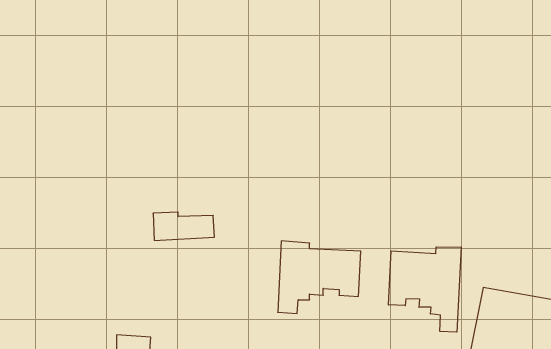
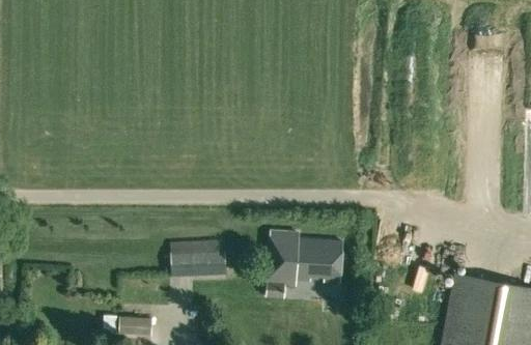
building: [153,212,214,240] -> [170,251,226,277]
building: [388,247,461,332] -> none

